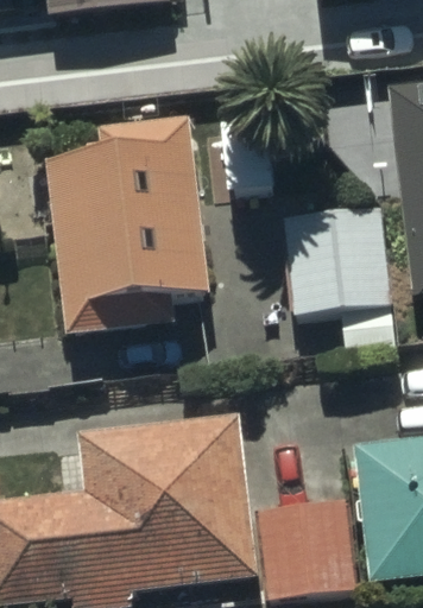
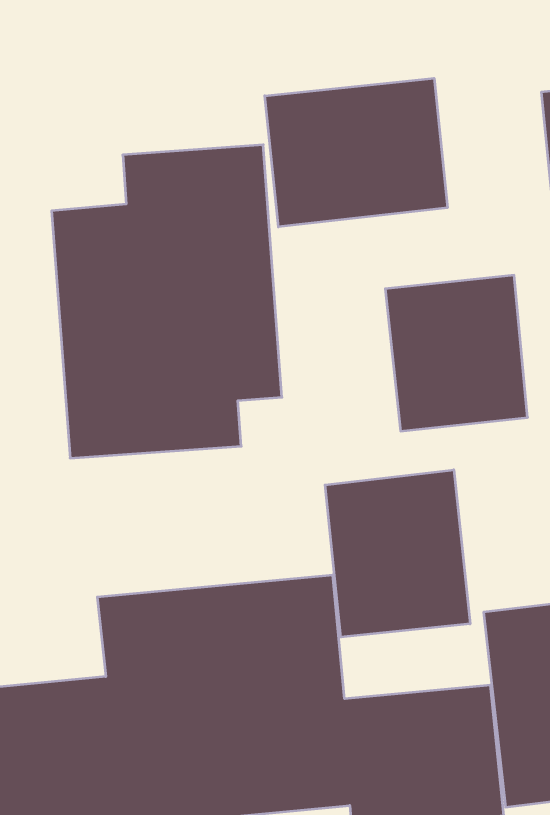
building: none -> [265,78,447,227]
building: none -> [325,470,470,637]

